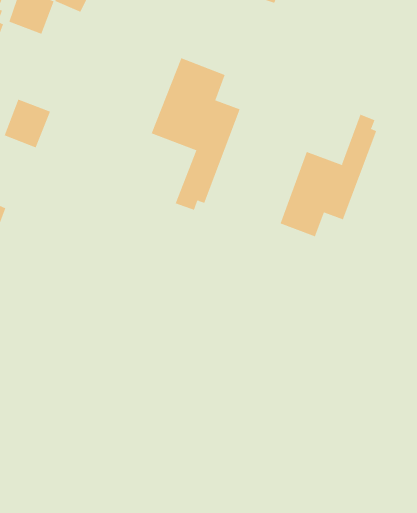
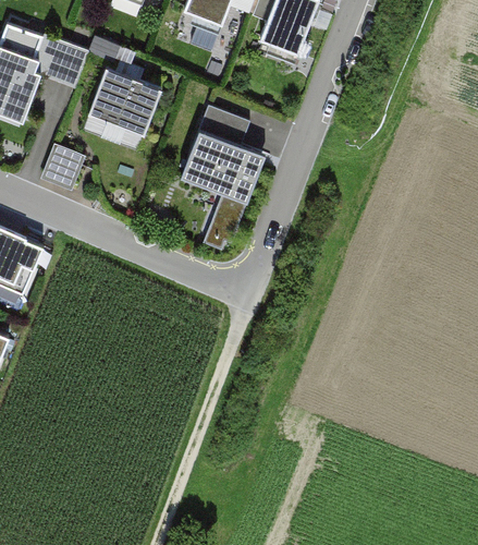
building: none -> [88,68,160,134]
building: [280,114,377,237] -> none

